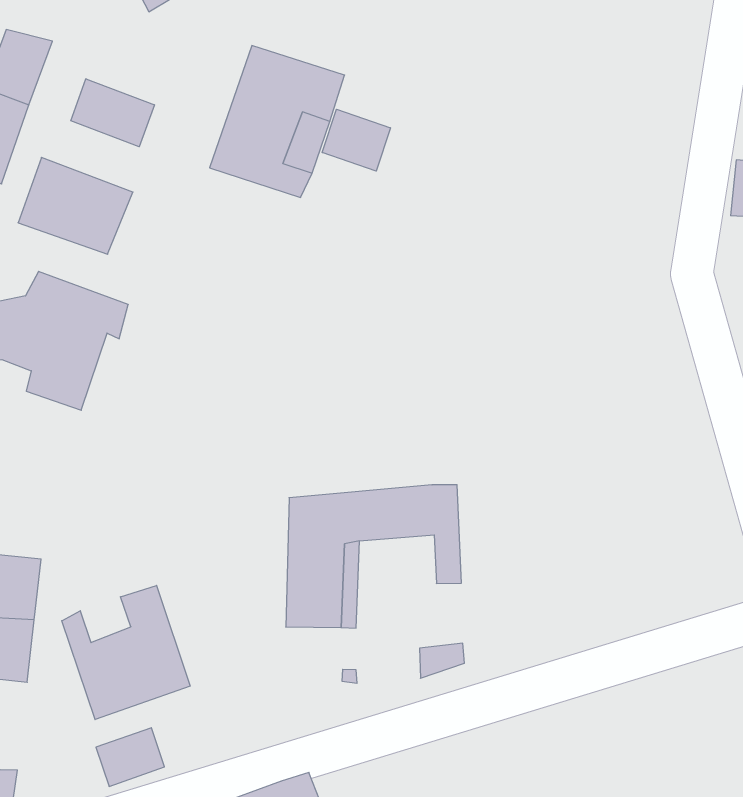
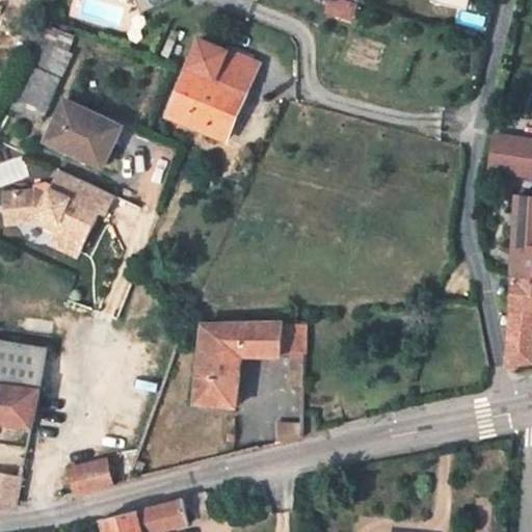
building: [71,79,154,147] -> none
building: [322,109,390,171] -> none
building: [62,585,190,720] -> none

